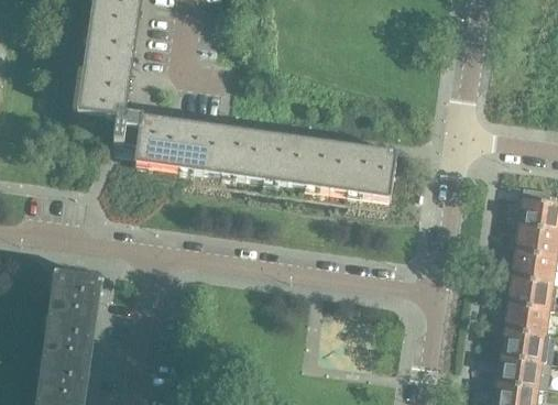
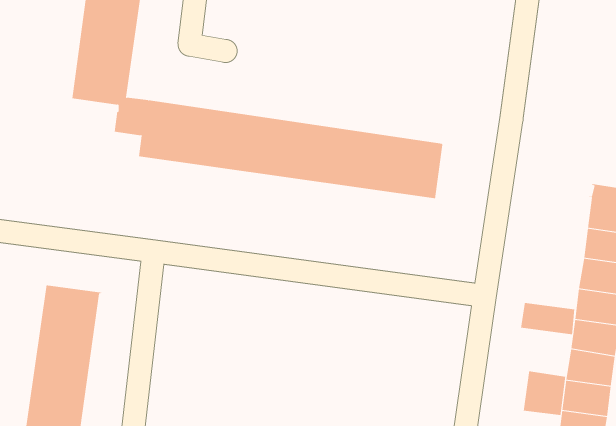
building: none -> [521,302,575,335]
building: none -> [523,371,566,416]

